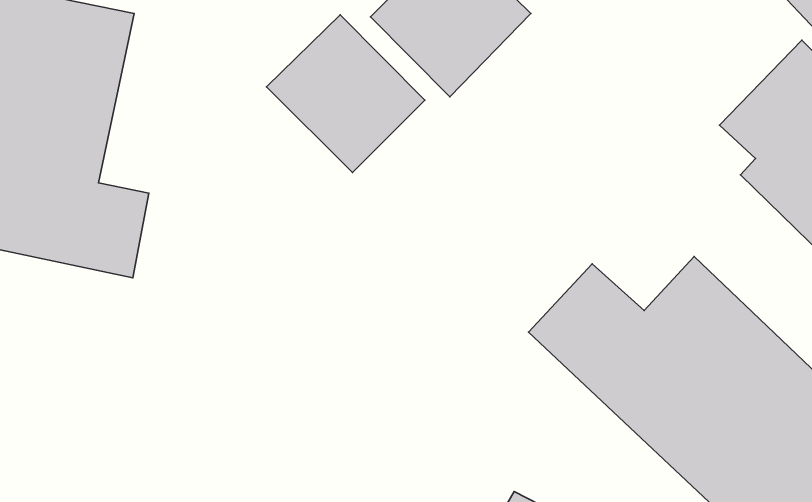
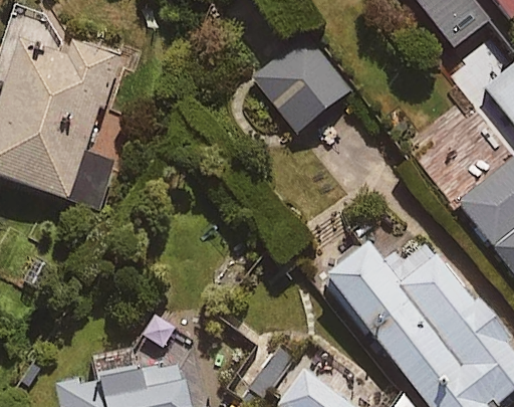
building: [266,15,425,172] -> none

